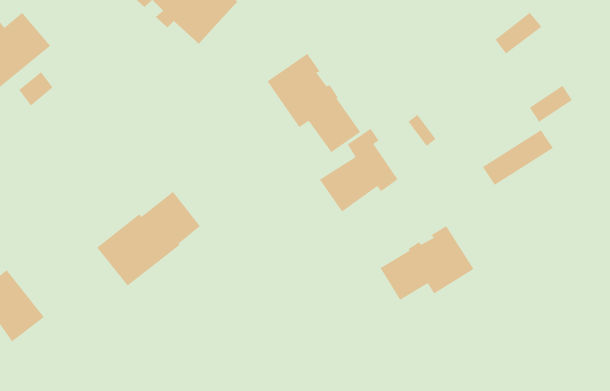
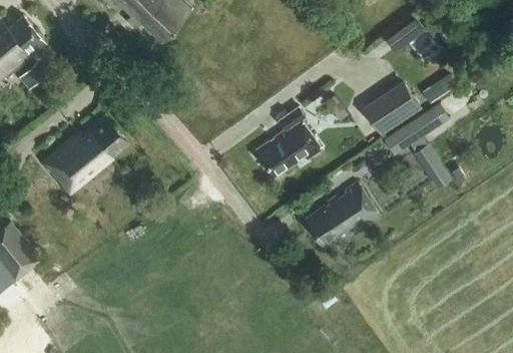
building: [266,53,361,153] -> none
building: none -> [365,84,418,133]
building: none -> [414,144,446,181]
building: [96,191,201,287] -> [44,114,127,191]

